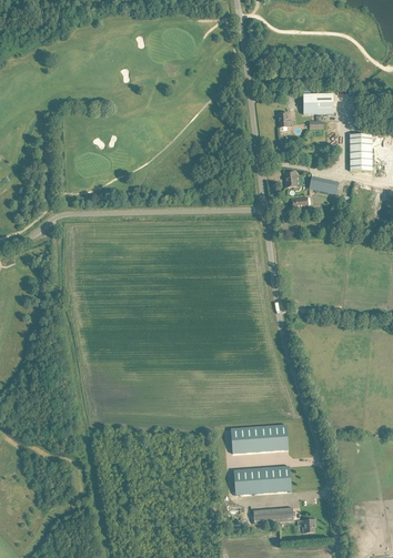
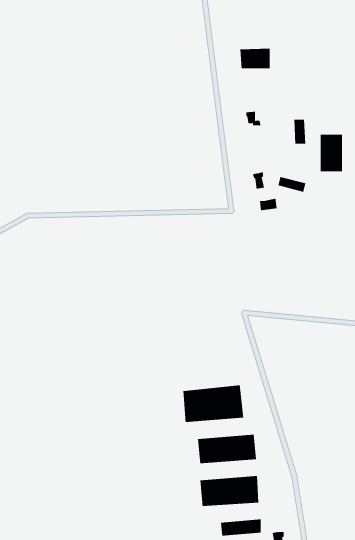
building: [302,93,332,113] -> [240,48,271,69]
building: none -> [183,385,244,423]

